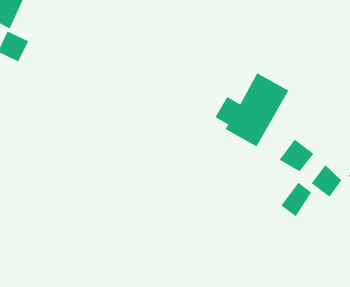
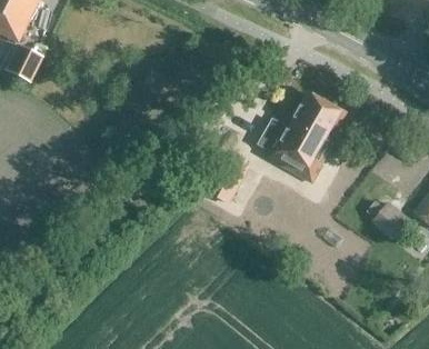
building: [279,139,314,172] -> none
building: [281,182,312,217] -> none

